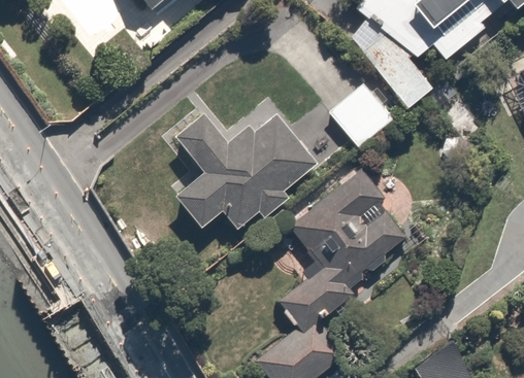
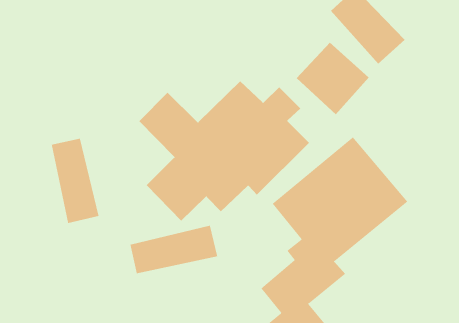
building: none -> [51,138,99,224]
building: none -> [130,225,218,274]

